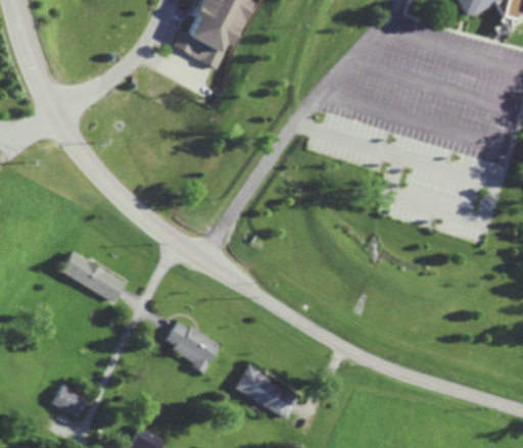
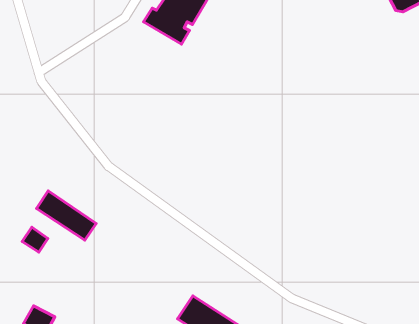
building: none -> [22,227,48,252]
building: [163,318,220,371] -> none

